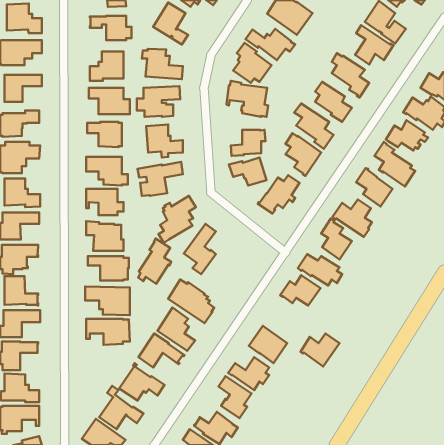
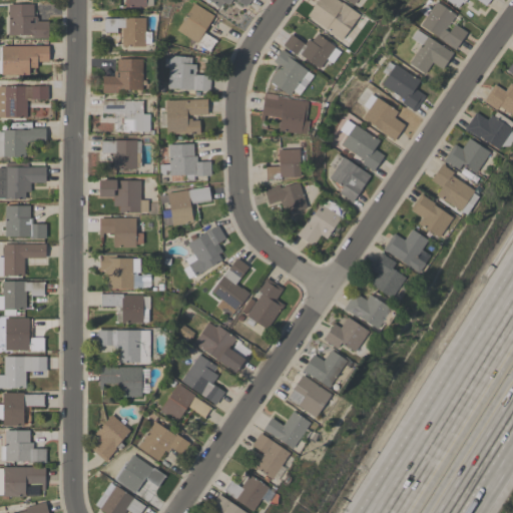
building: [138,238,171,284] -> [246,278,285,330]
building: [300,334,340,367] -> [303,350,348,388]
building: none -> [91,415,130,462]

